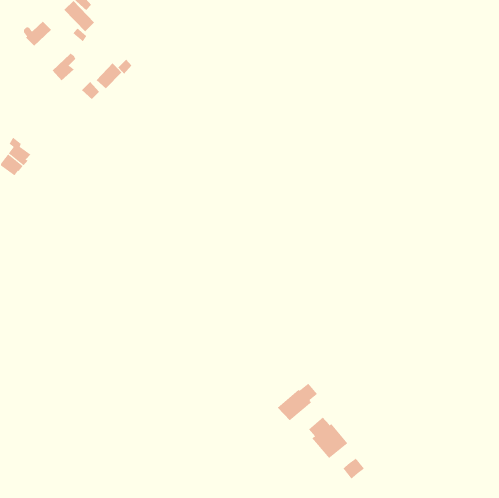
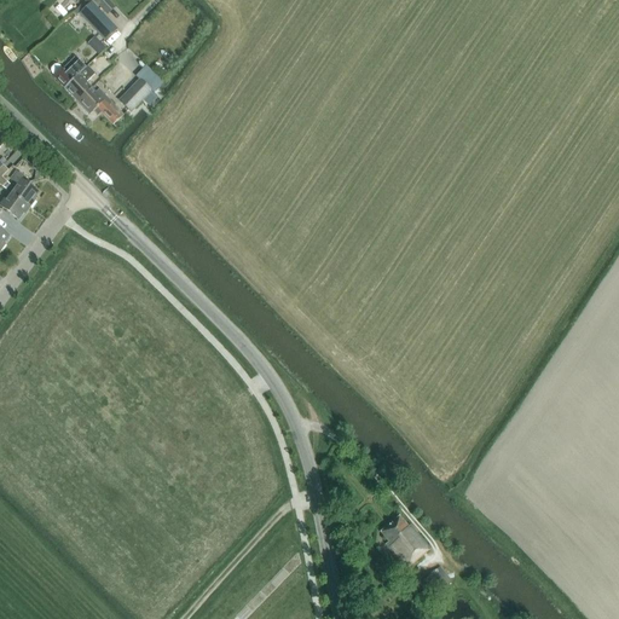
building: [23,21,52,46] -> [52,56,87,87]
building: none -> [77,86,112,114]
building: [277,383,318,421] -> none

